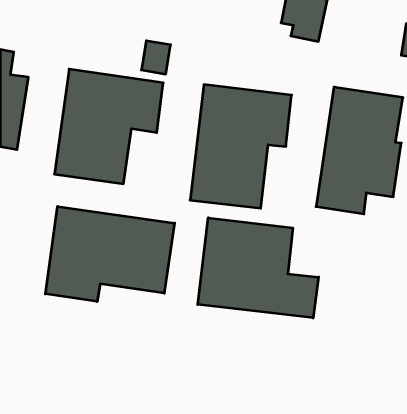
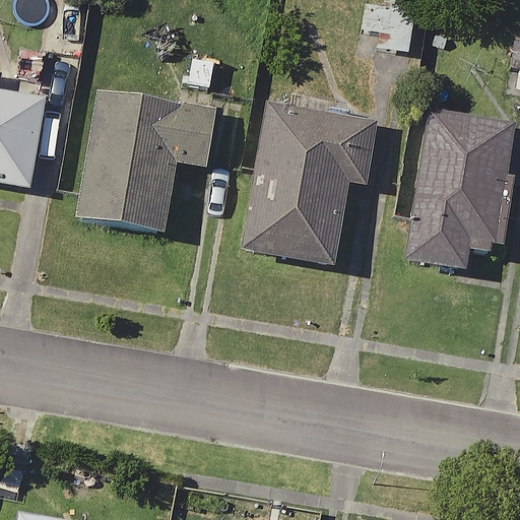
building: [45,206,175,302] -> none
building: [198,218,319,318] -> none

